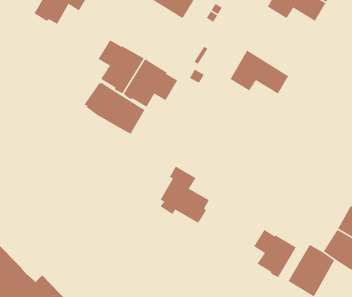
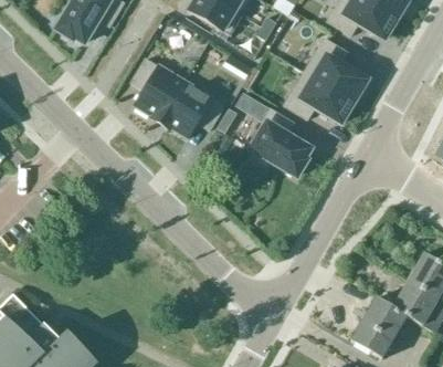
building: none -> [304,38,369,102]
building: [83,82,146,135] -> none
building: [159,166,210,224] -> [251,108,309,176]
building: [253,229,297,278] -> none

